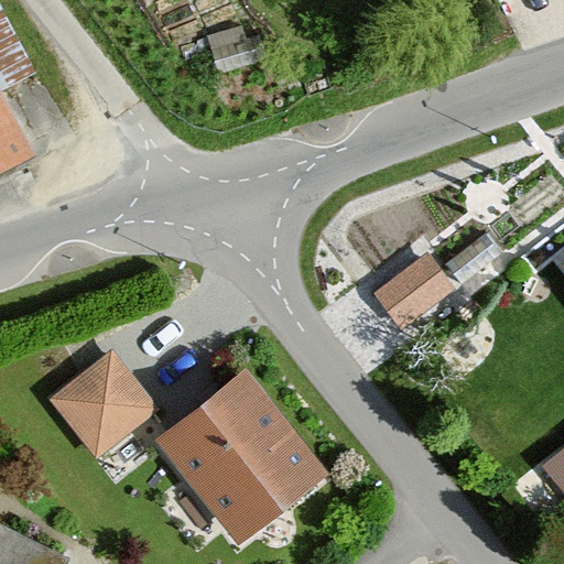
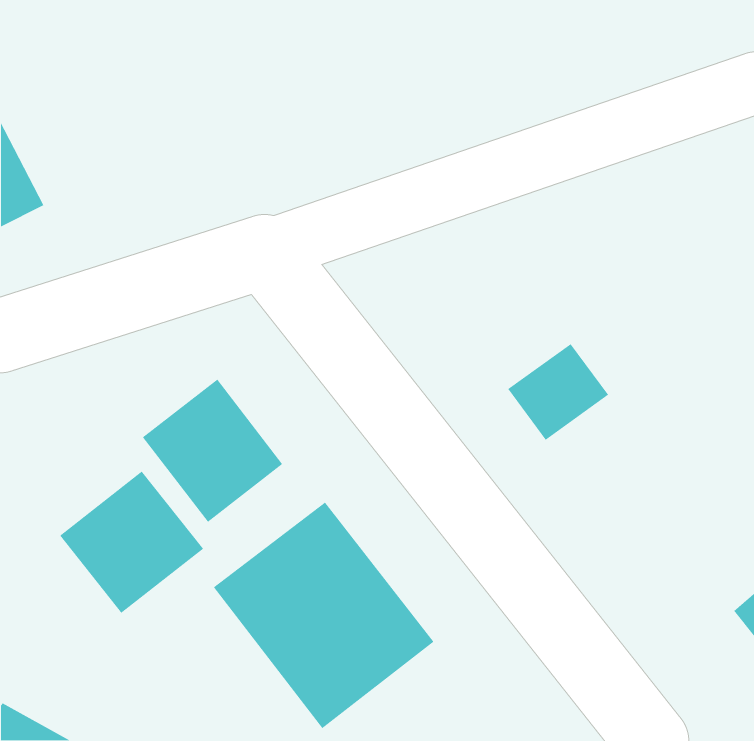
building: none -> [142,379,283,523]

